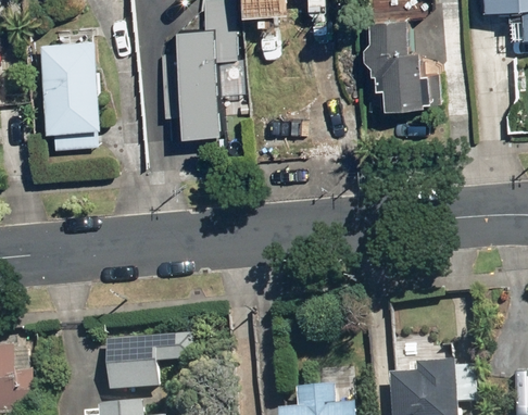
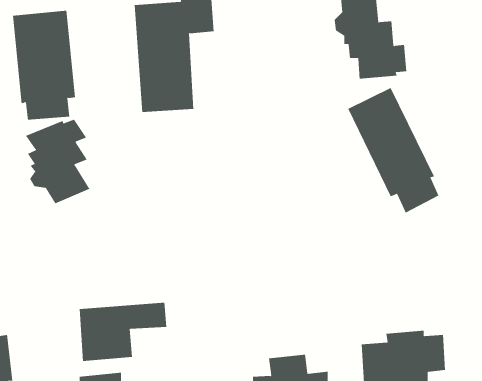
building: none -> [347,87,439,213]
building: none -> [25,119,90,204]

